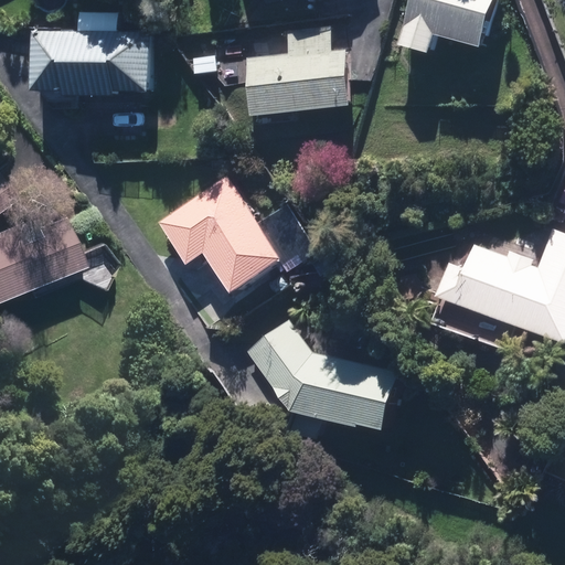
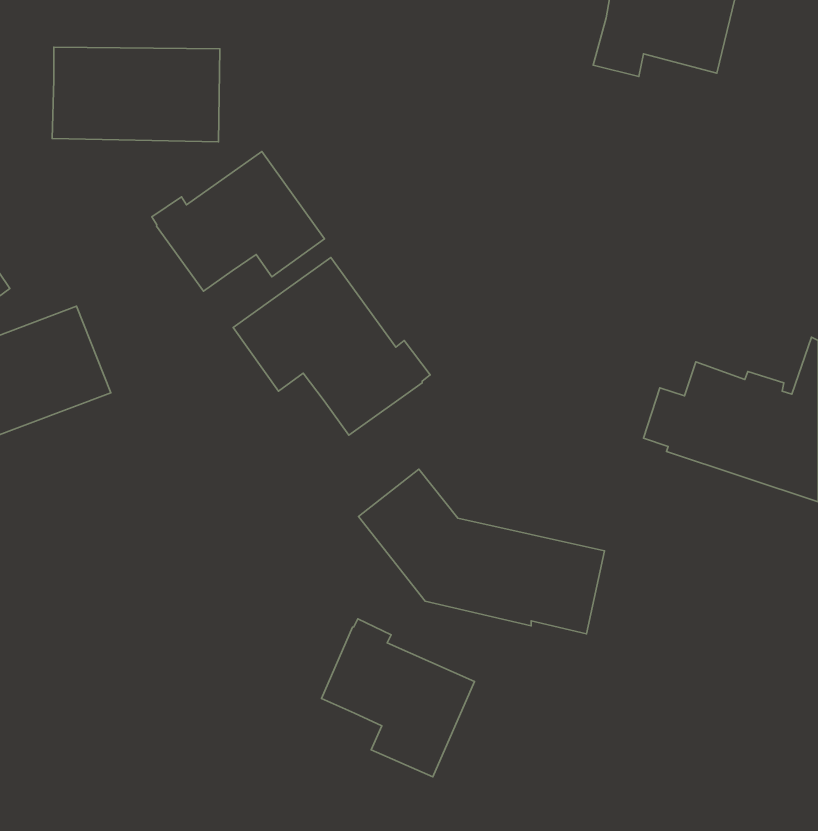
building: [244,50,351,120] -> none
building: none -> [152,151,325,291]
building: none -> [321,619,474,777]

